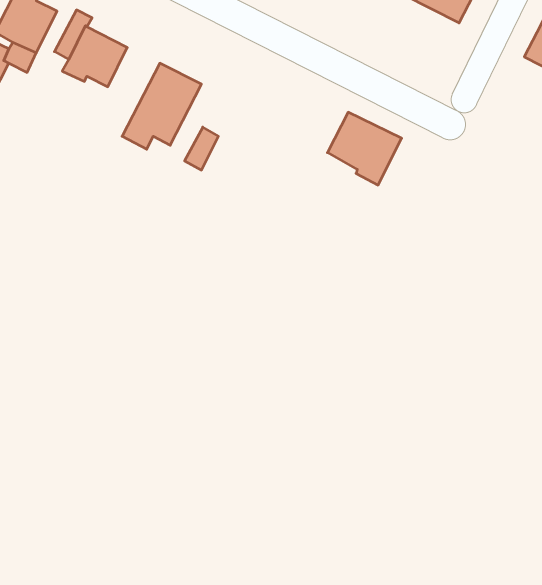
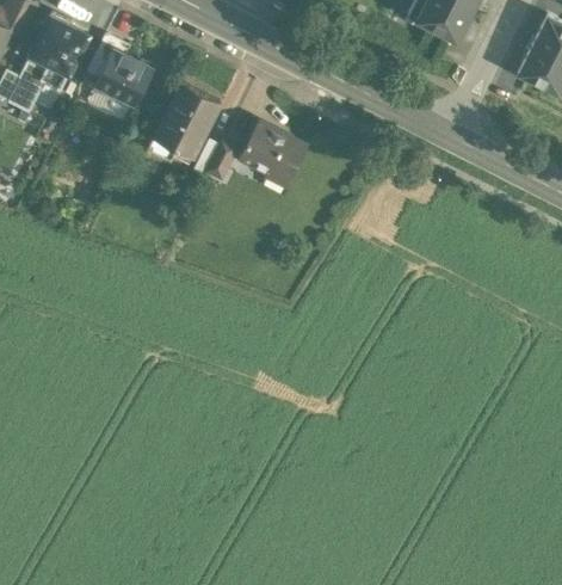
building: [327,112,402,185] -> [240,121,308,187]

